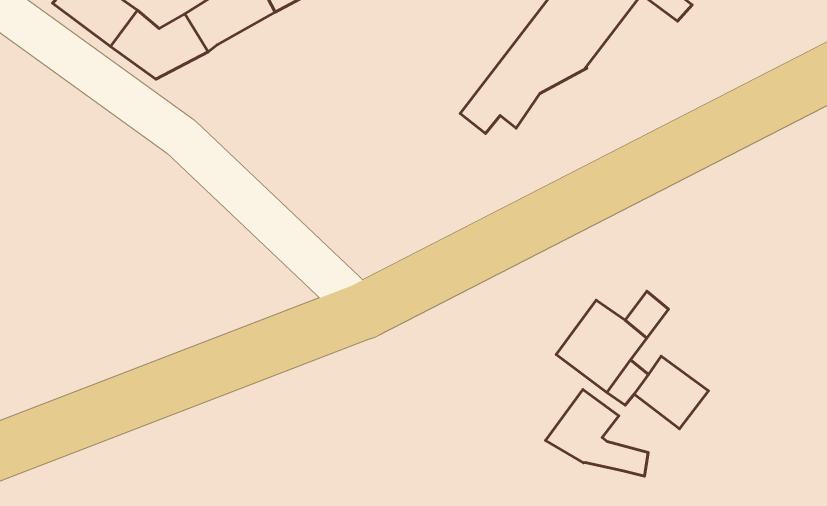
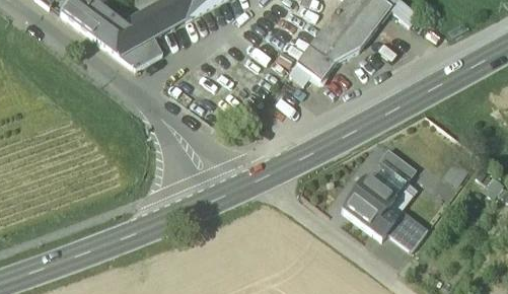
building: none -> [119,34,162,65]
building: none -> [378,148,416,182]
building: [545,389,648,476] -> none

